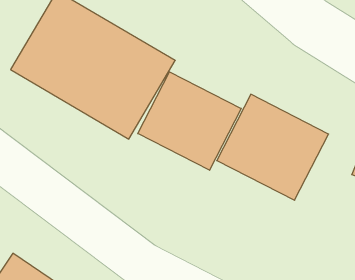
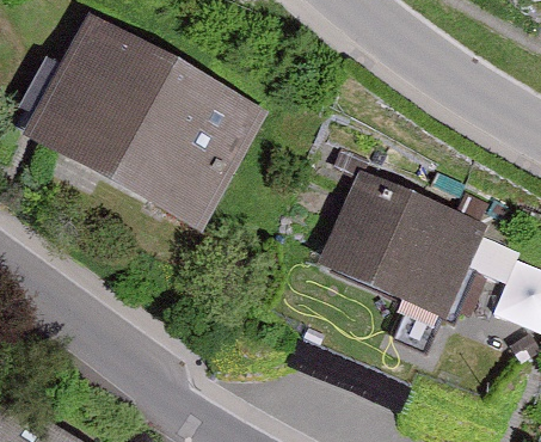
building: [138,72,241,170] -> none

